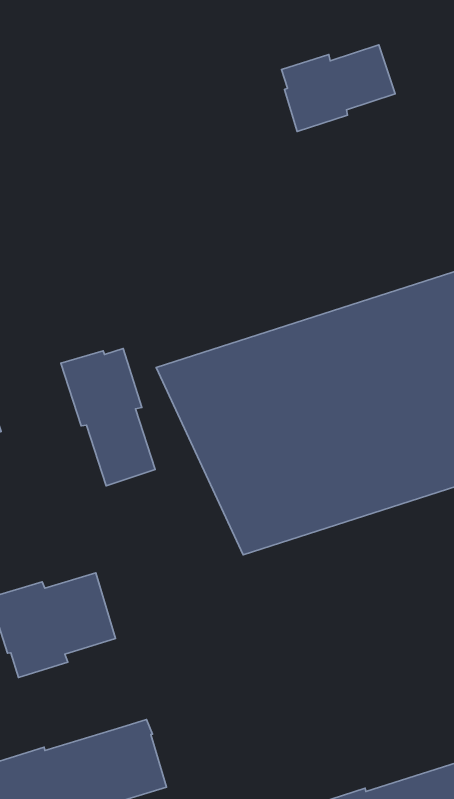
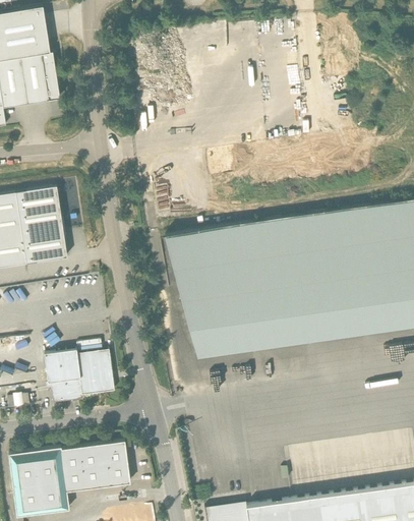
building: [281,45,395,132] -> none
building: [61,349,155,486] -> none

